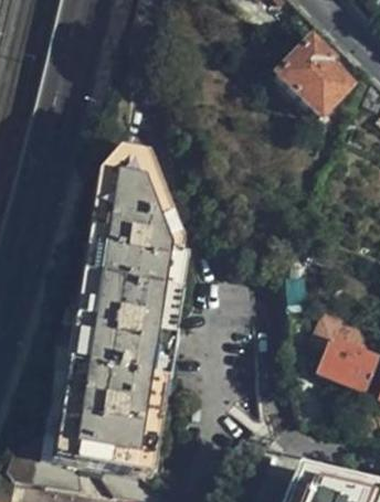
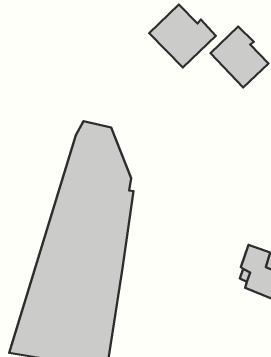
building: none -> [149,4,216,67]

